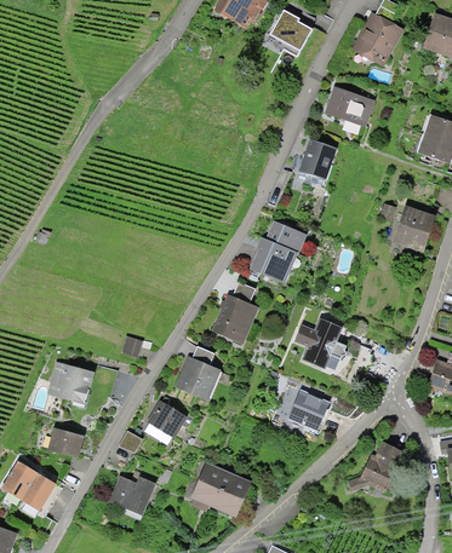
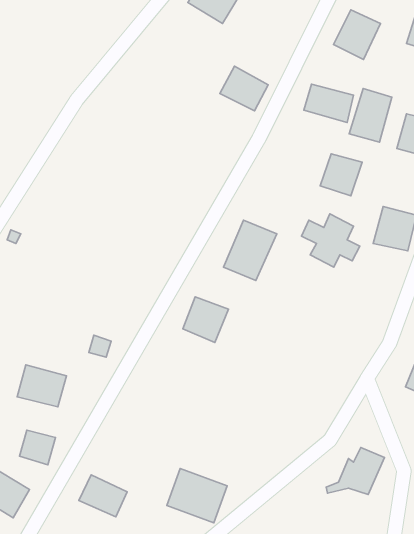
building: [267,11,314,54] -> [220,66,268,111]
building: none -> [349,89,392,142]
building: [298,139,339,180] -> [320,154,362,196]
building: [292,318,349,370] -> [302,214,360,267]
building: [168,345,225,399] -> none
building: [288,391,330,430] -> none
building: [142,401,185,440] -> none

